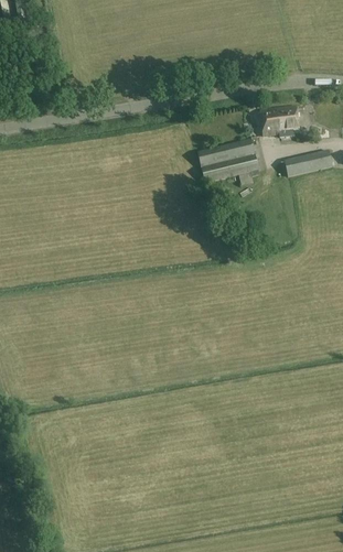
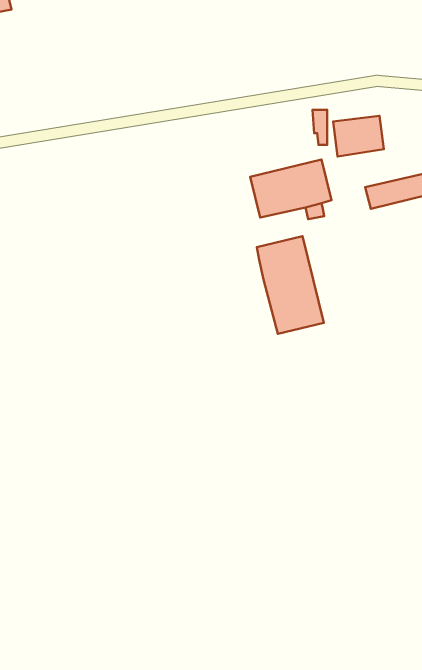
building: none -> [257,236,324,334]

